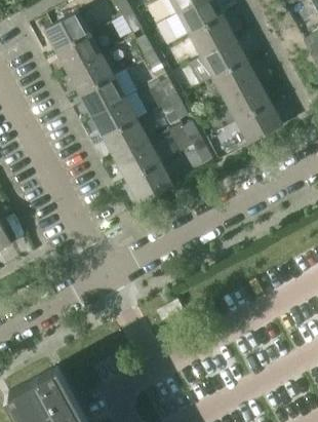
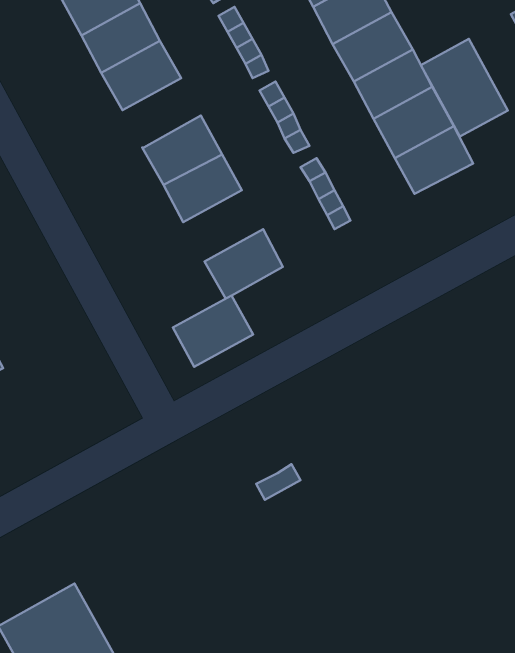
building: none -> [421,39,508,137]
building: [80,76,125,116] -> none
building: [115,141,161,182] -> [173,296,253,367]

